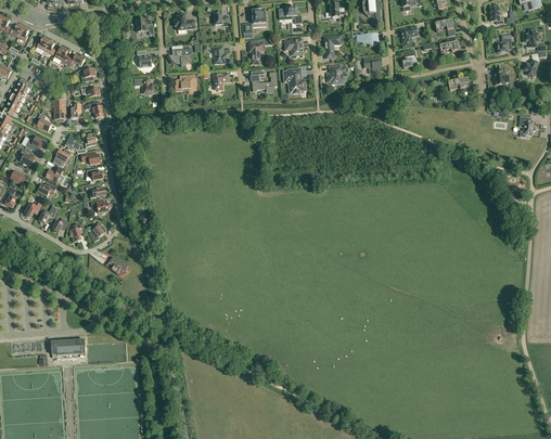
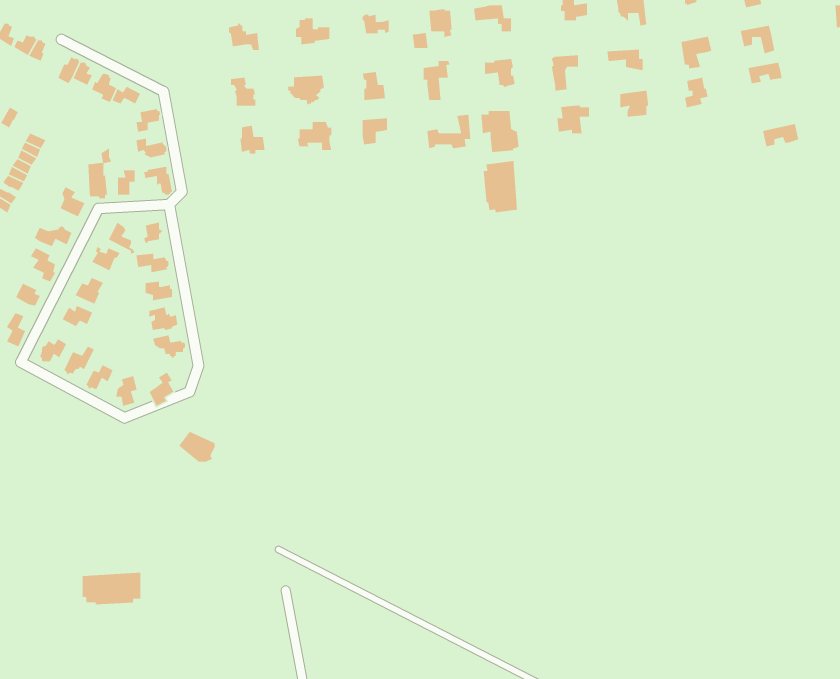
building: none -> [483,160,518,213]

